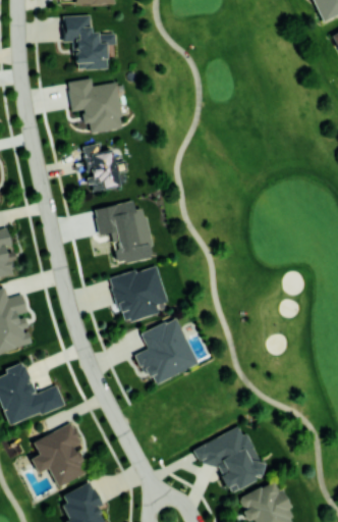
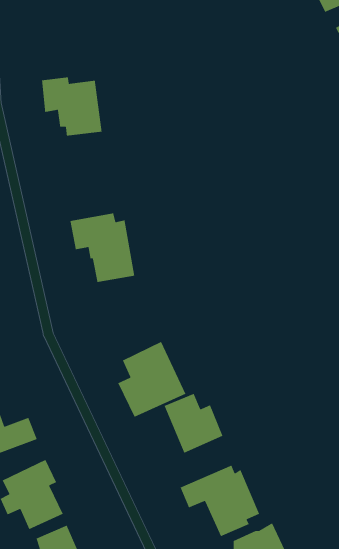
building: [63,16,116,70] -> none
building: [83,145,119,193] -> none
building: [110,265,168,324] -> none
building: none -> [163,393,224,454]

